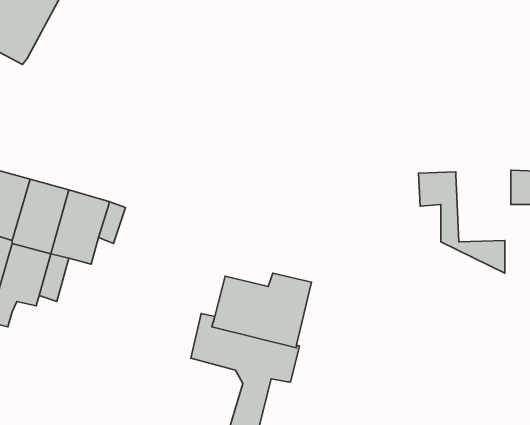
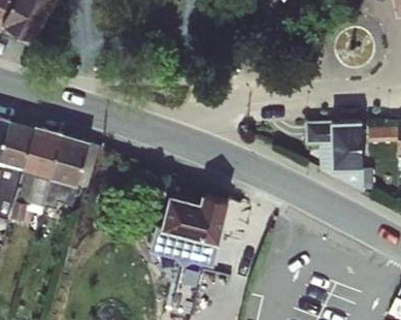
building: none -> [330,123,364,170]

